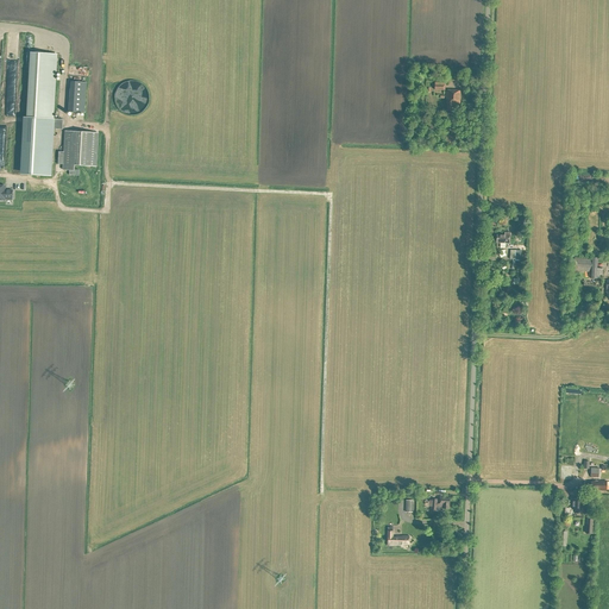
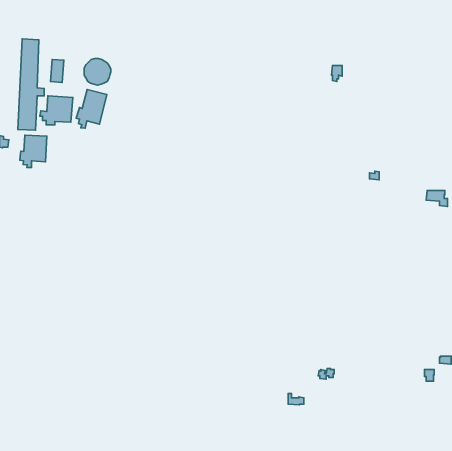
building: none -> [76,90,107,128]
building: none -> [20,135,47,168]

